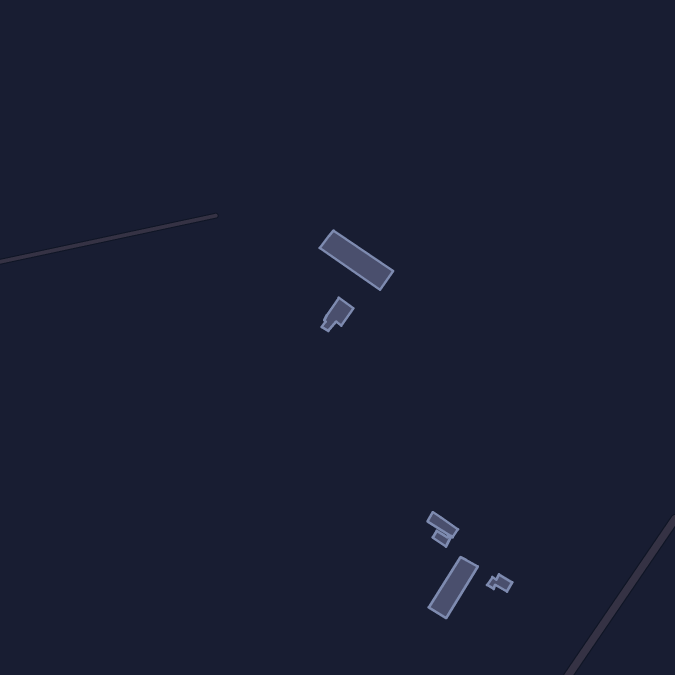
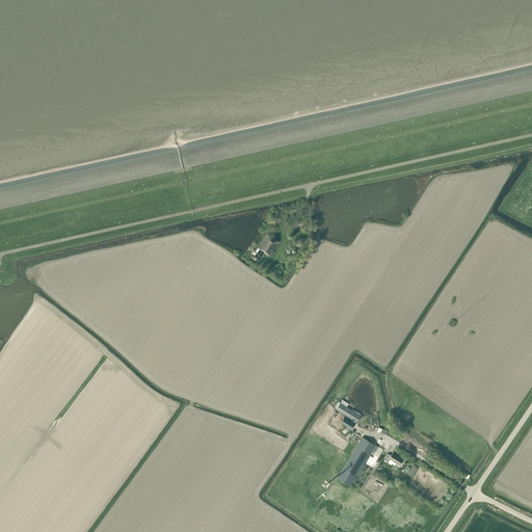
building: [320,231,393,290] -> none

